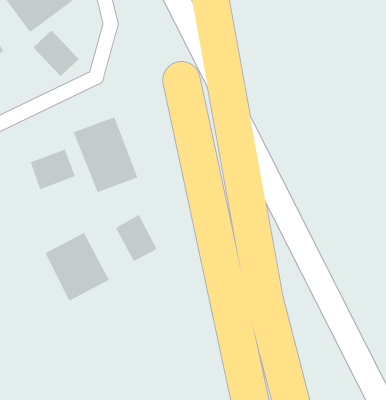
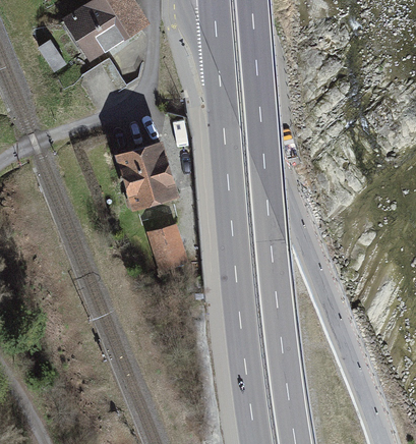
building: [30,149,76,190] -> none
building: [45,232,109,302] -> none

